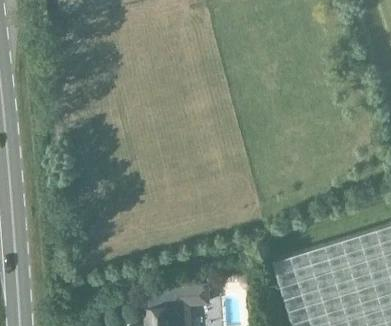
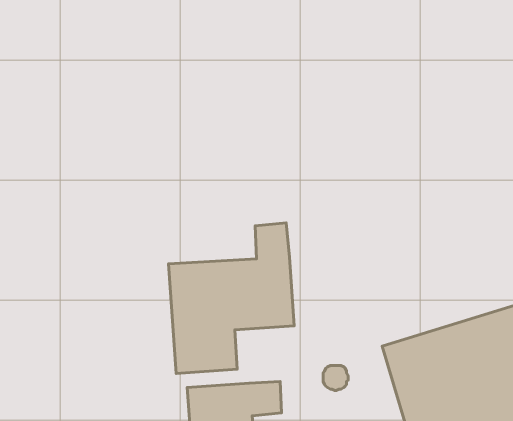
building: none -> [169,223,294,374]

